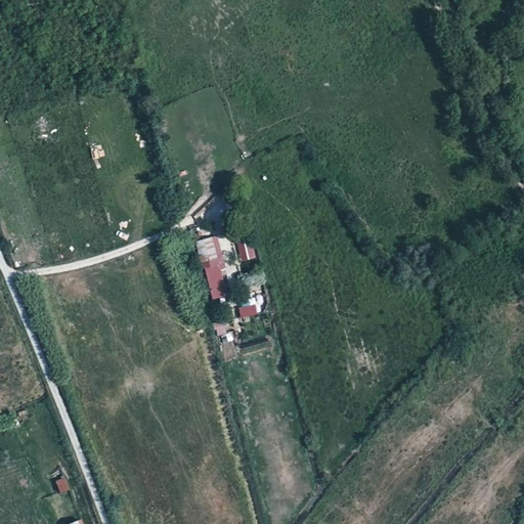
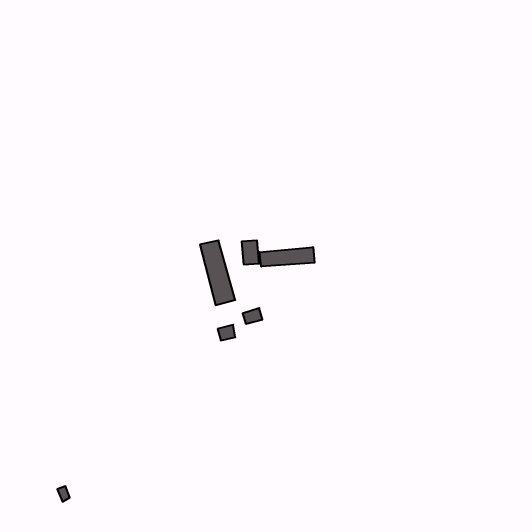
building: none -> [259,247,315,267]

